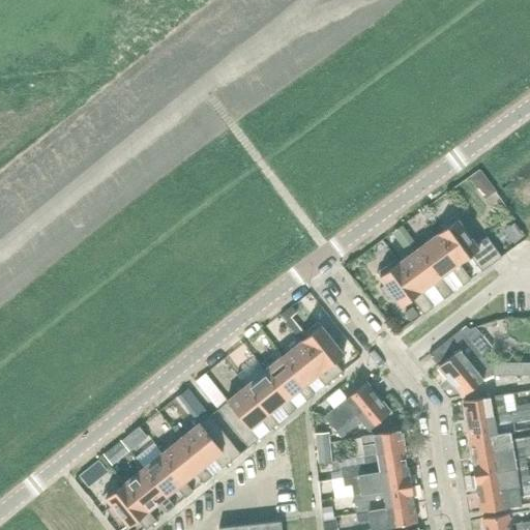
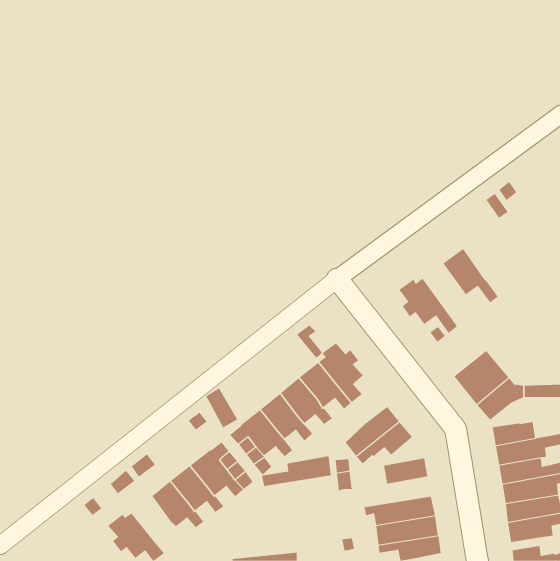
building: [438,216,502,271] -> none
building: [400,248,452,299] -> none
building: [342,449,408,478] -> [261,456,332,487]
building: [125,468,175,513] -> none

